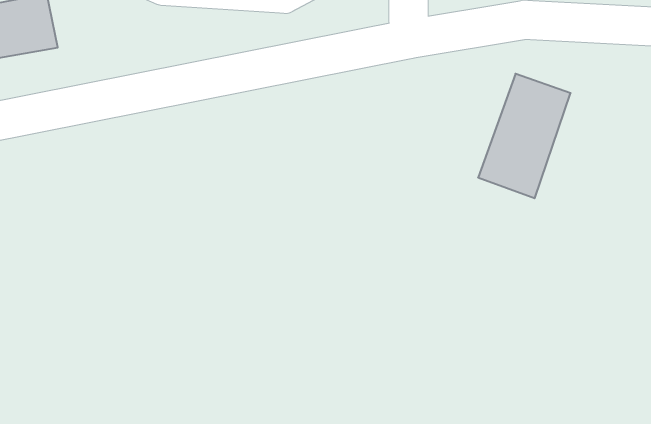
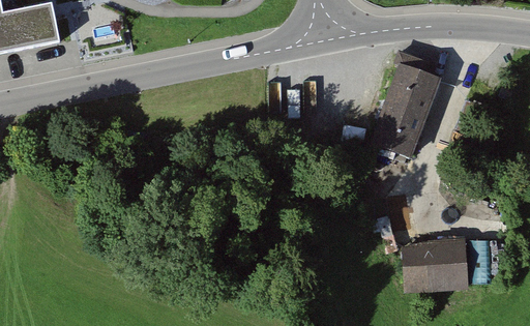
building: none -> [408,240,466,287]

